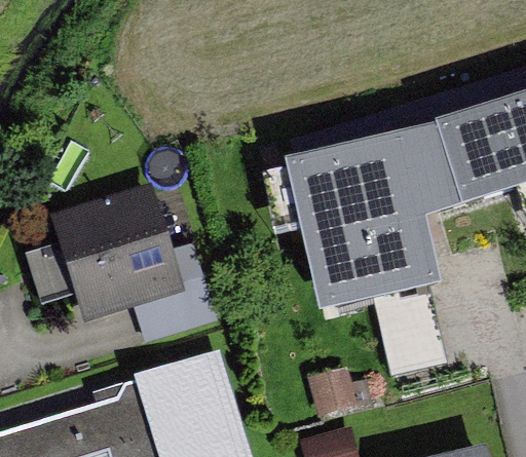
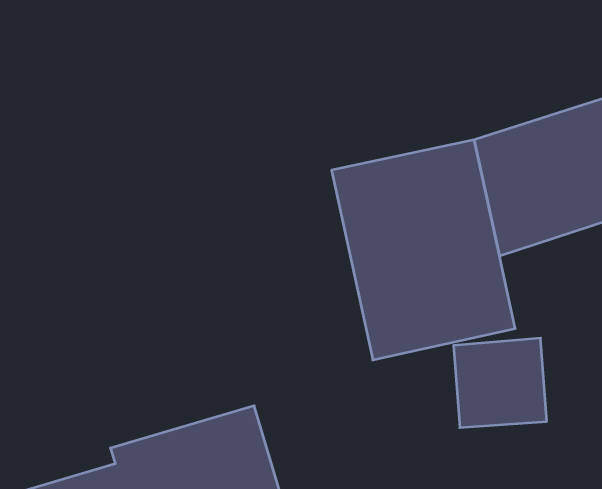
building: [50,187,221,339] -> none

